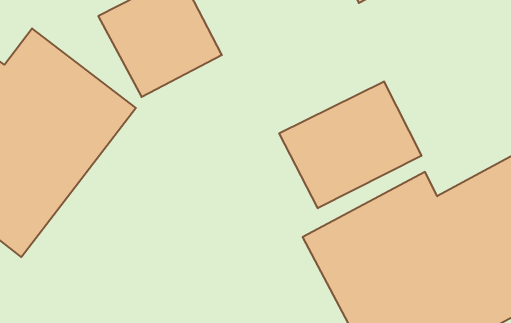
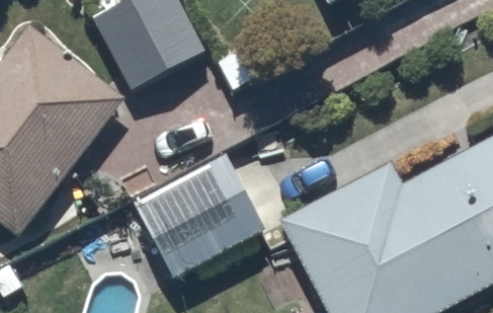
building: [279,81,421,208] -> none
building: none -> [135,155,264,277]

